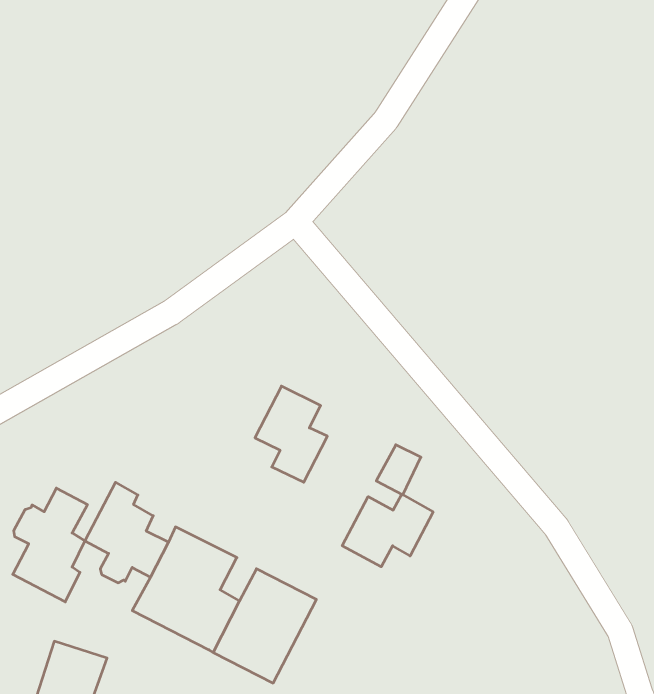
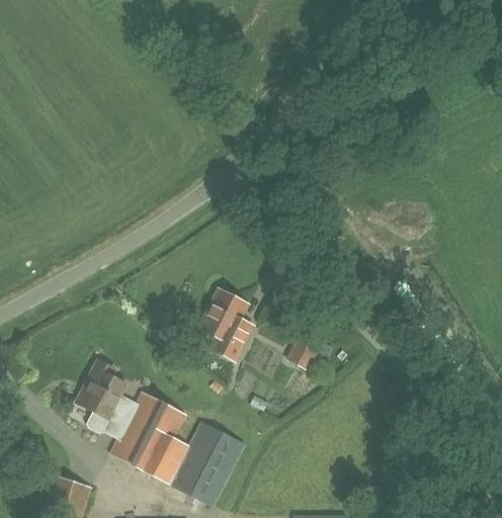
building: [13,488,87,602] -> none
building: [342,494,433,567] -> none

